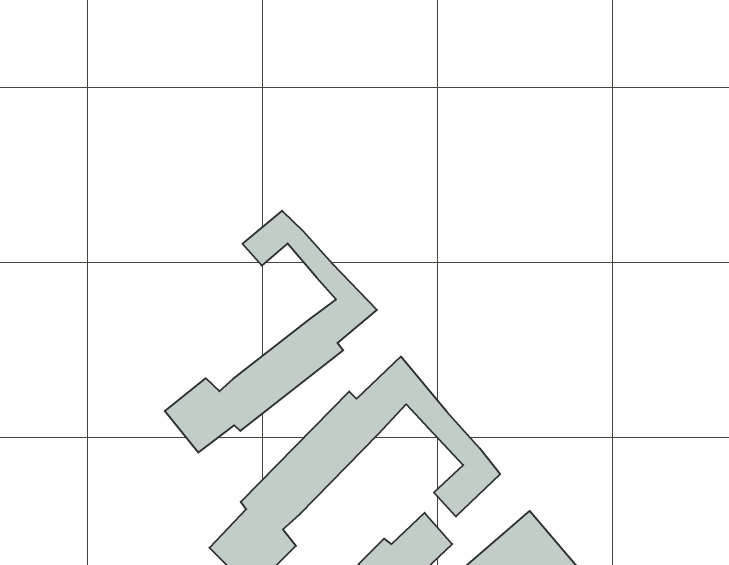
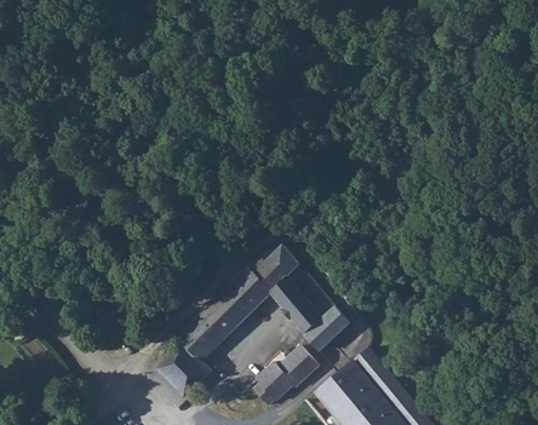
building: [165,211,377,453] -> none
building: none -> [268,276,324,334]

